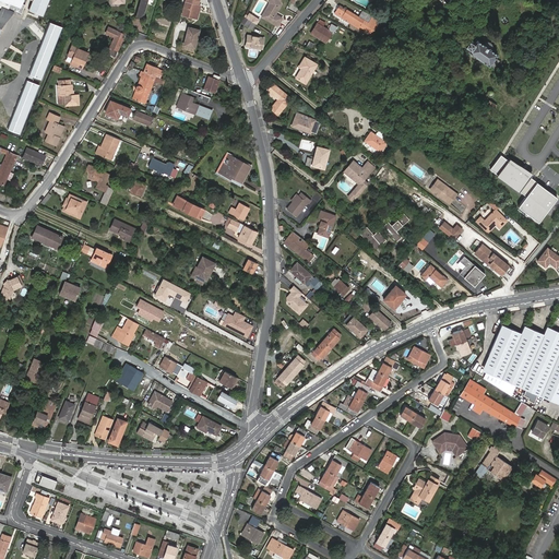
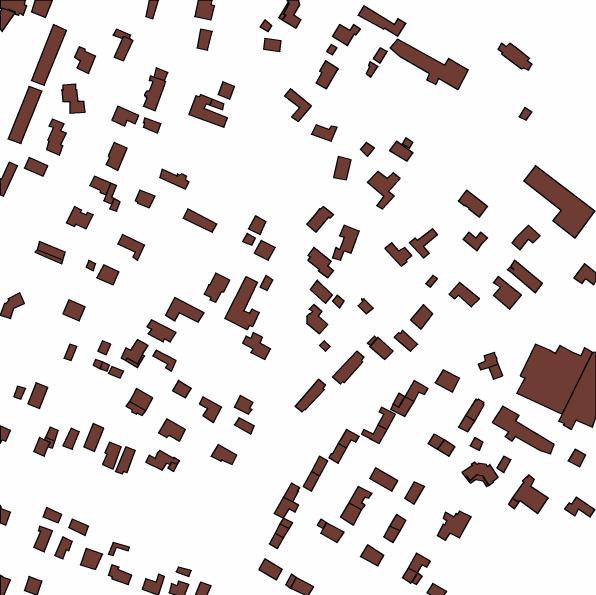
building: none -> [390,39,468,90]
building: [219,155,250,182] -> none
building: none -> [225,277,259,330]

